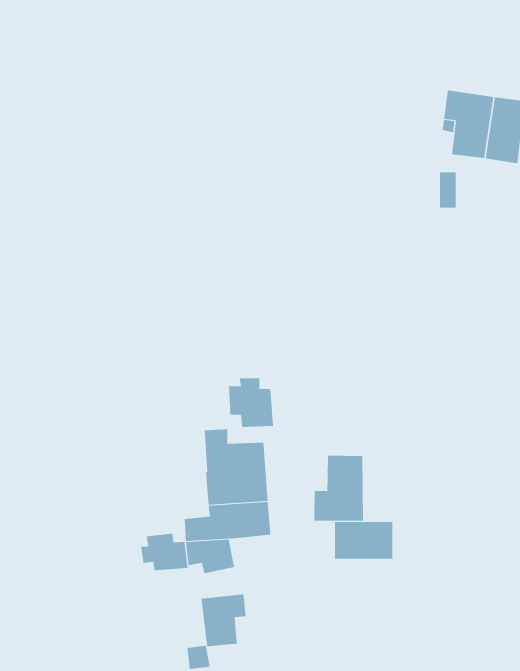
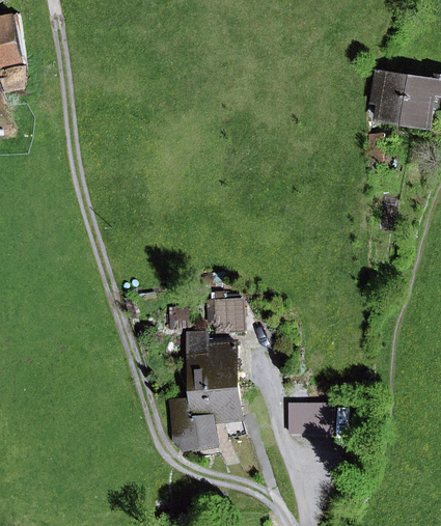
building: [314,455,364,522] -> none
building: [140,533,188,571] -> none
building: [201,594,246,647] -> none

